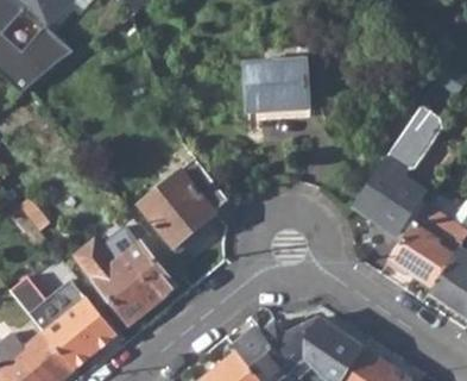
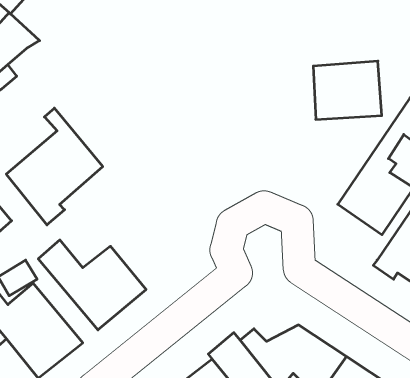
building: [247,57,311,112] -> [313,61,382,119]
building: [139,143,229,252] -> [6,108,103,225]

